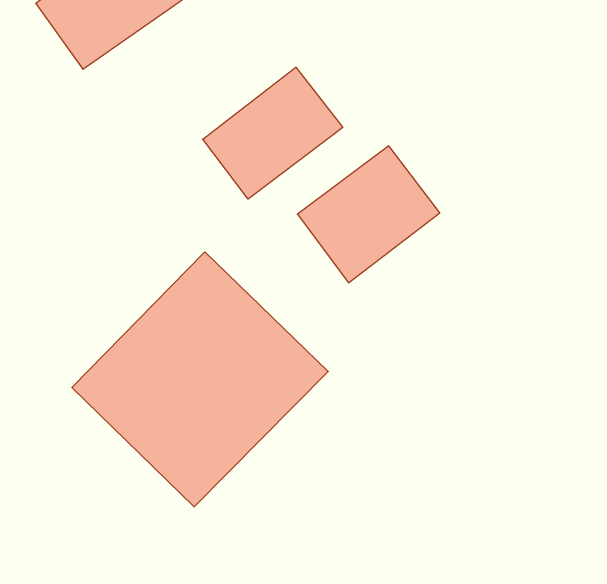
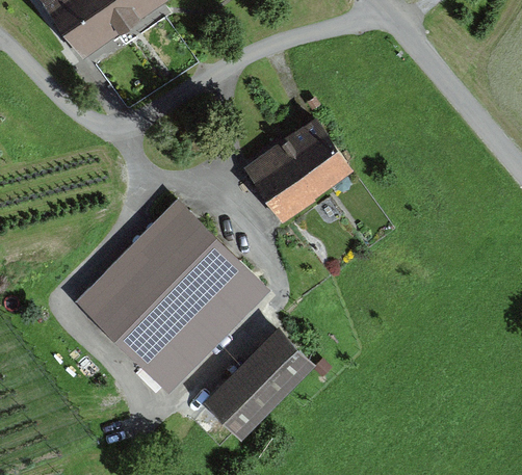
building: [203,67,343,199] -> none
building: none -> [202,320,319,437]

